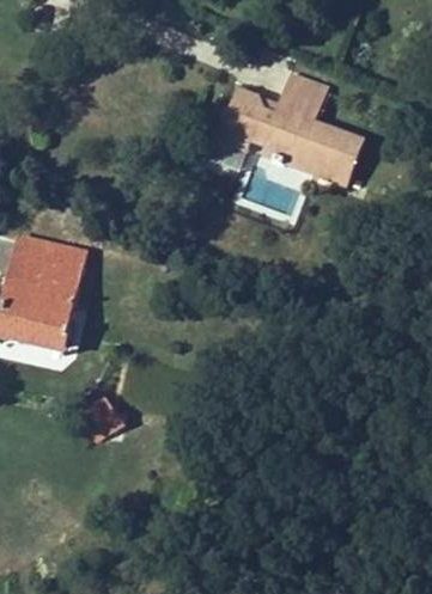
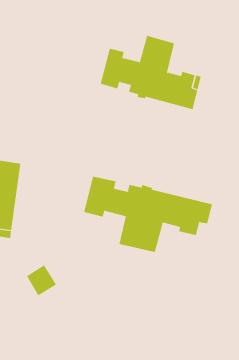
building: none -> [83,176,212,253]

